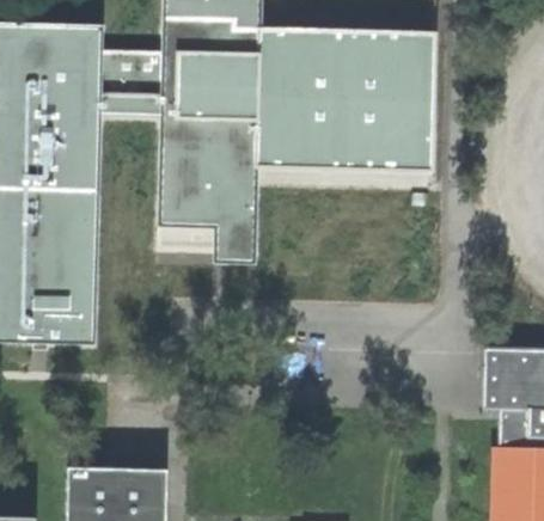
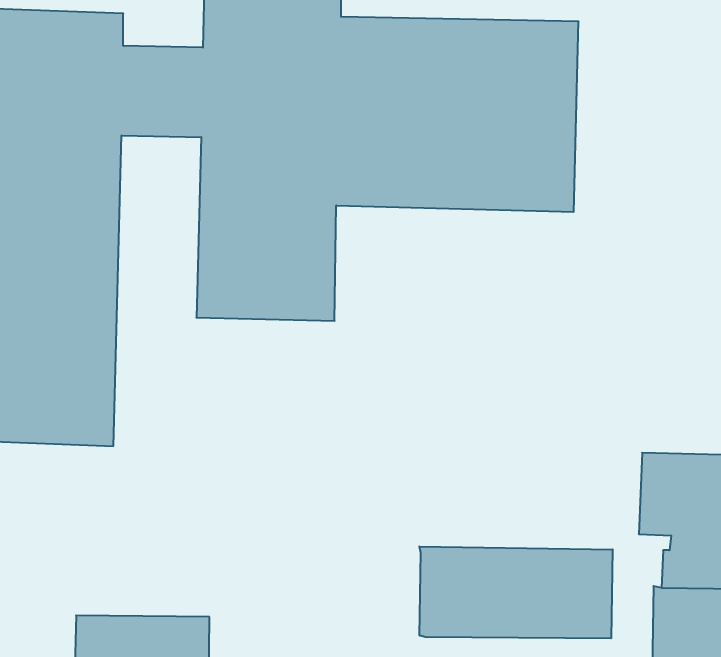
building: none -> [419,546,613,638]

